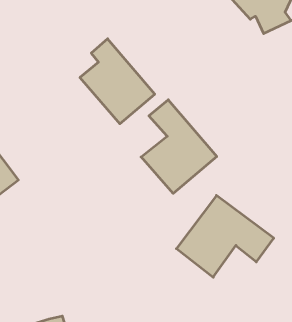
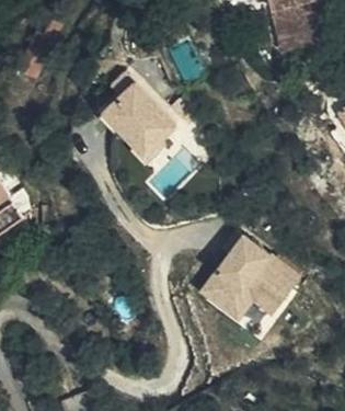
building: [141,100,217,193] -> none

